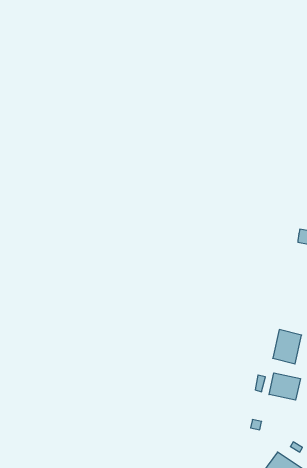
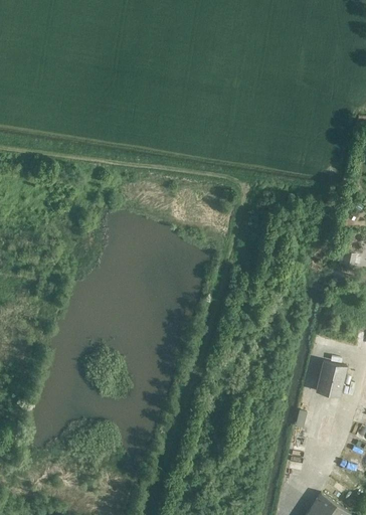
building: [269,373,300,400] -> none

